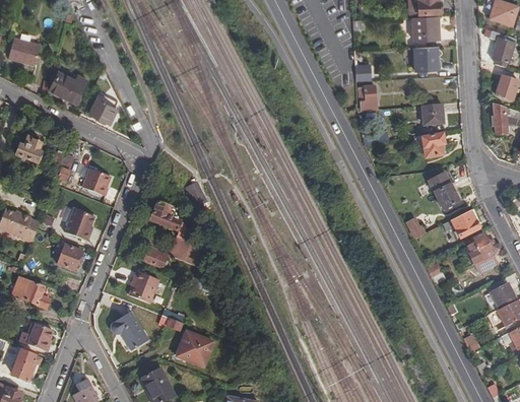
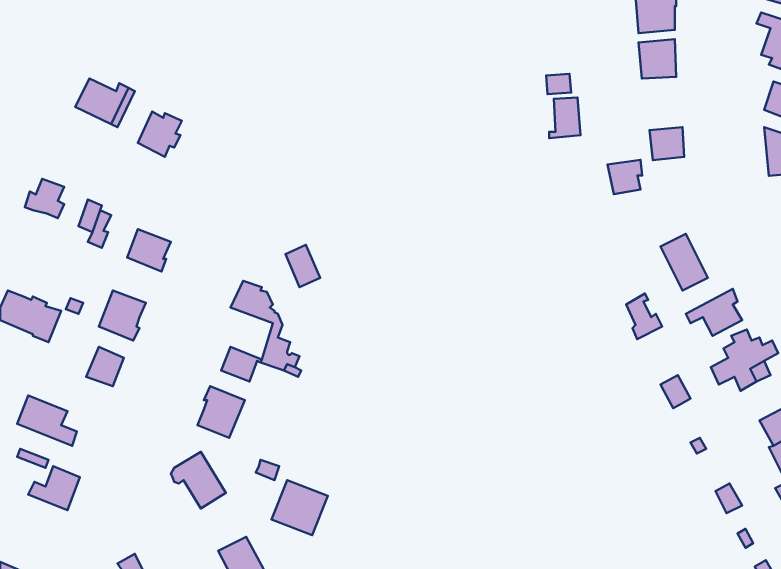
building: [8,38,40,65] -> none
building: [422,133,445,155] -> [608,160,642,194]
building: [12,349,42,381] -> none

